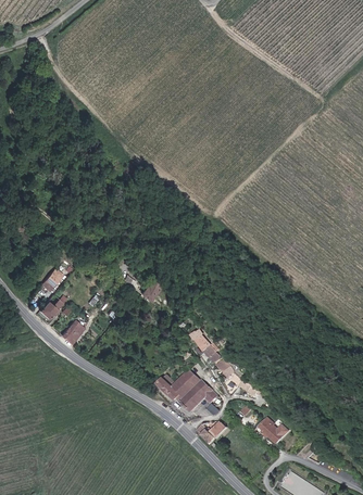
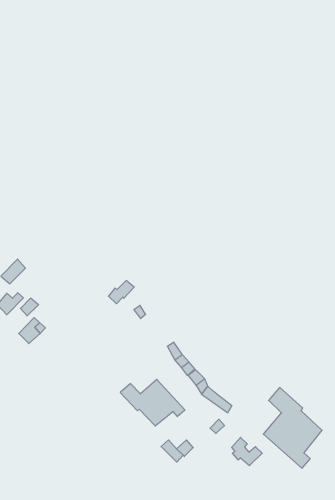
building: none -> [263,387,322,468]

